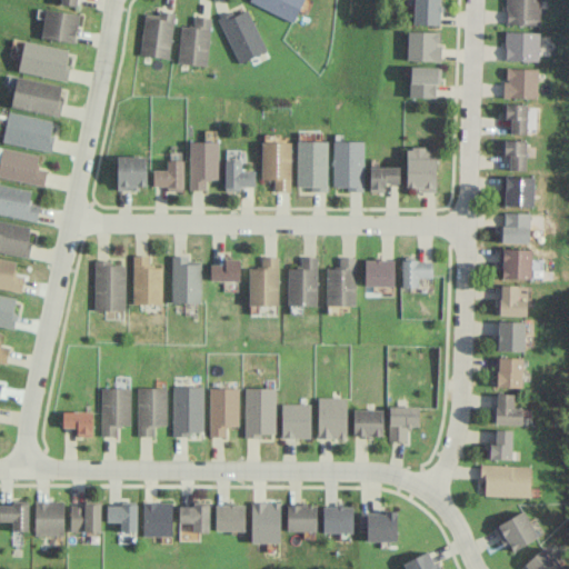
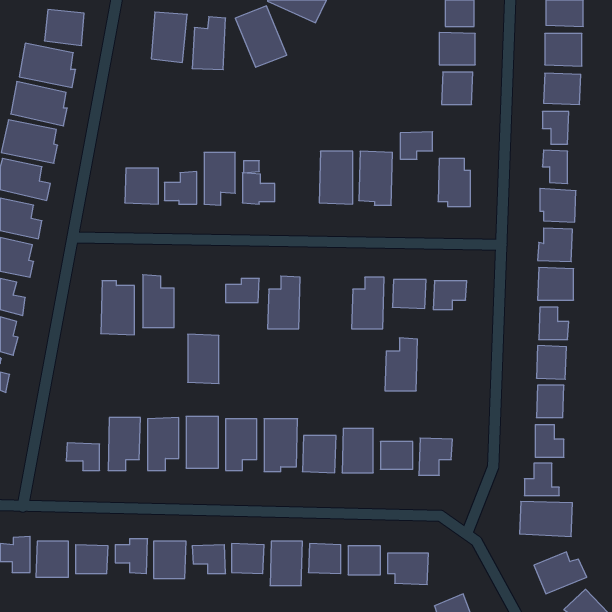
building: [262,143,291,191] -> none
building: [370,167,400,192] -> [400,132,433,159]
building: [288,257,318,306] -> [385,338,417,391]
building: [172,258,201,303] -> [188,334,219,384]

